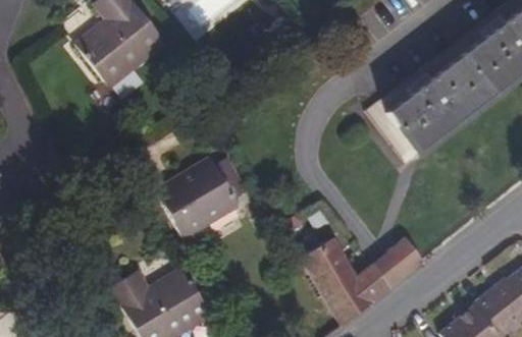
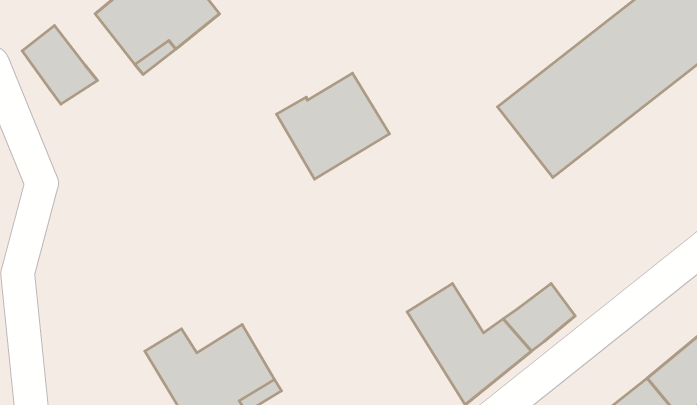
building: none -> [22,26,98,104]
building: [157,161,239,237] -> [276,73,389,179]

